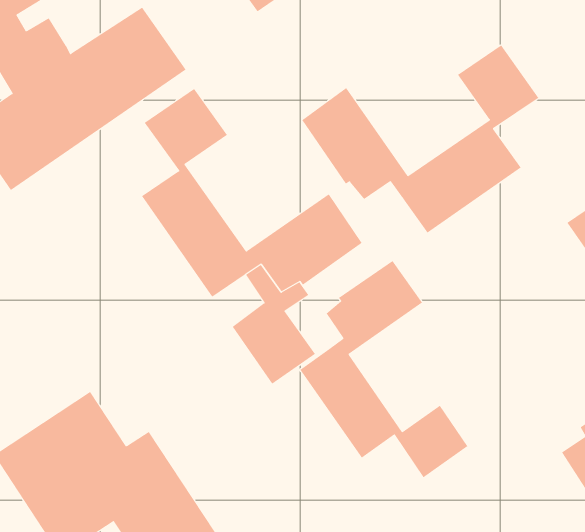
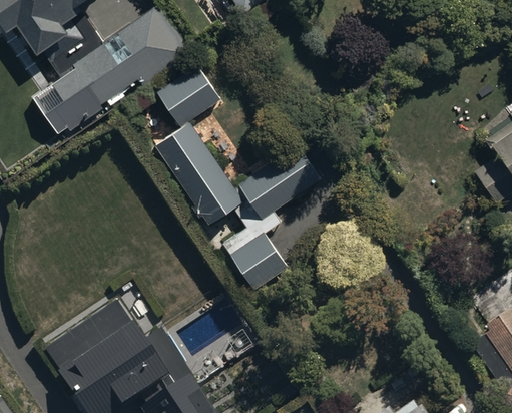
building: [302,45,539,234] -> none
building: [300,260,468,478] -> none

